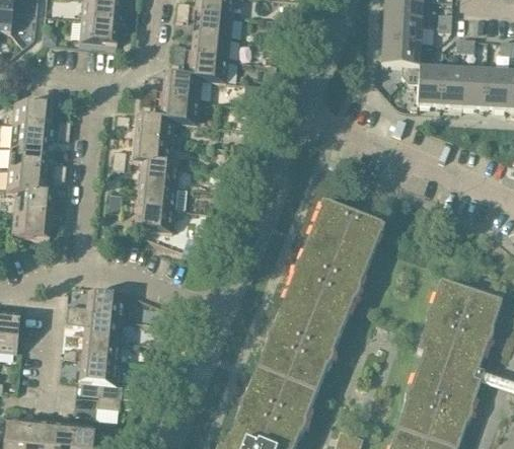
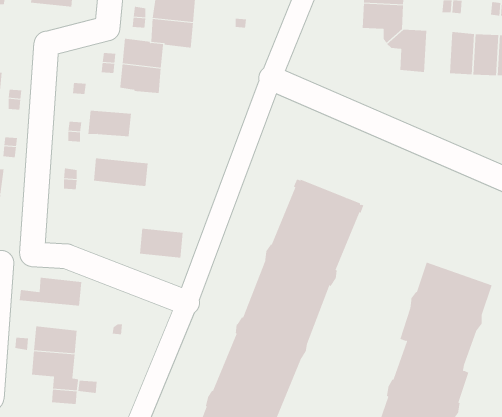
building: [439,65,463,104] -> none
building: [132,115,172,141] -> none
building: [137,160,177,185] -> none
building: [133,203,173,230] -> [139,228,183,258]
building: [66,312,123,340] -> none

